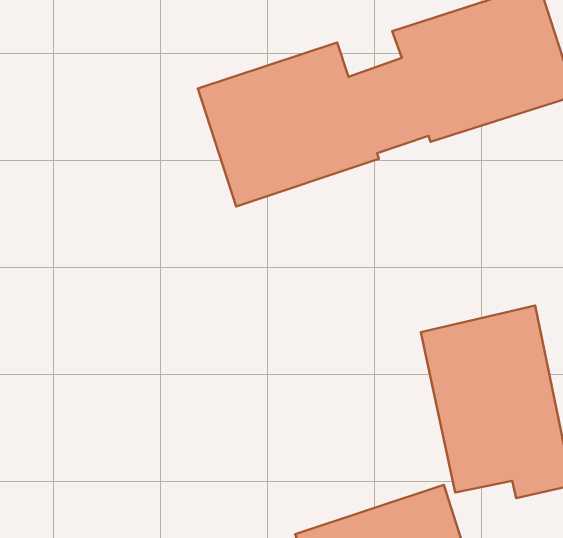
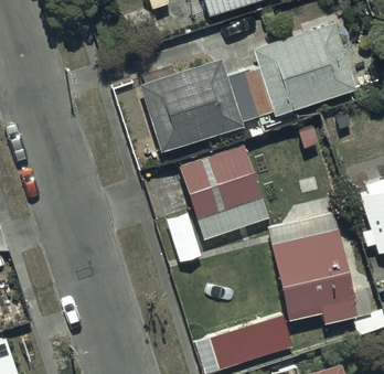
building: none -> [180,147,268,239]

